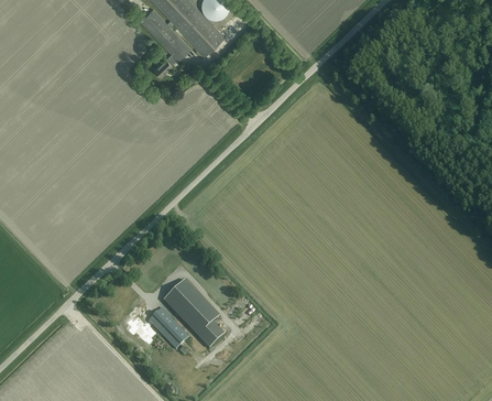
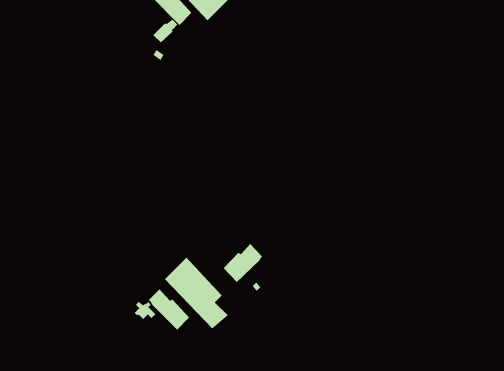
building: none -> [223,243,263,283]

